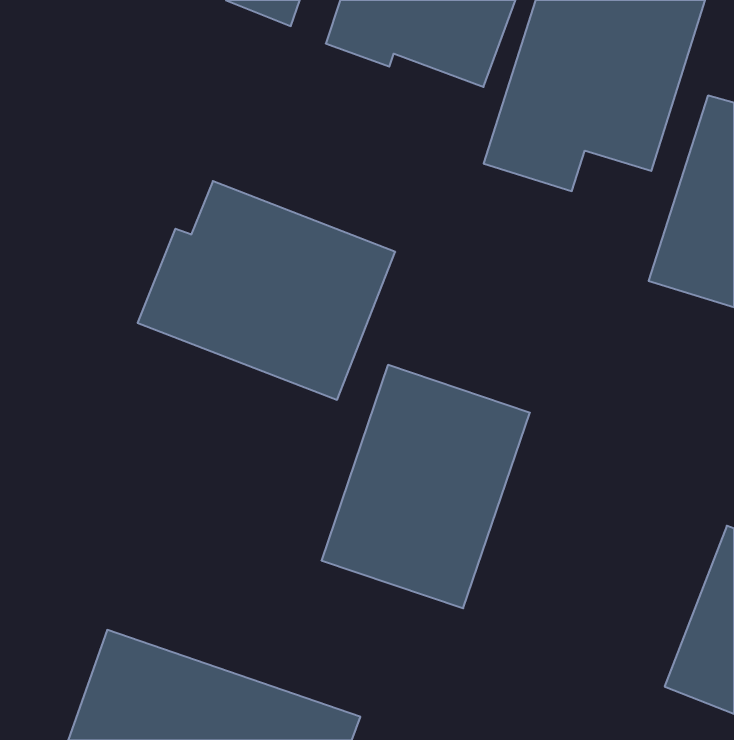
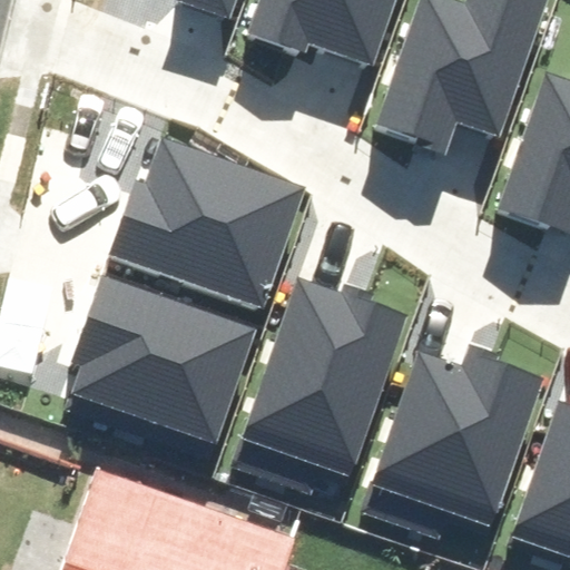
building: none -> [73,281,258,445]
building: none -> [373,351,548,527]

